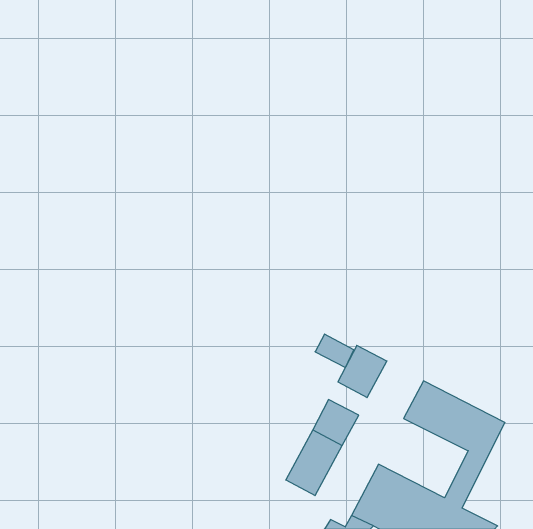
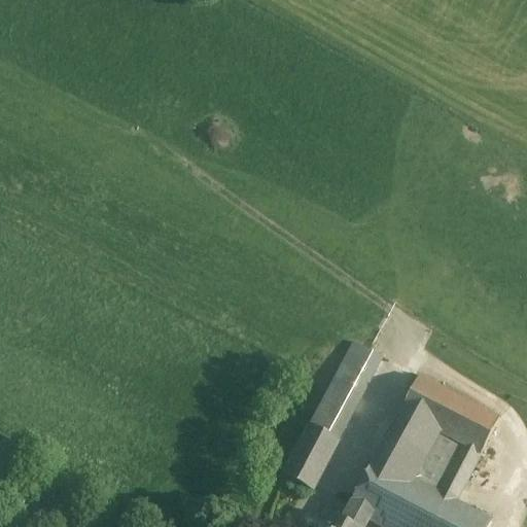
building: [315,334,354,367] -> [324,377,362,410]
building: none -> [374,413,462,491]

